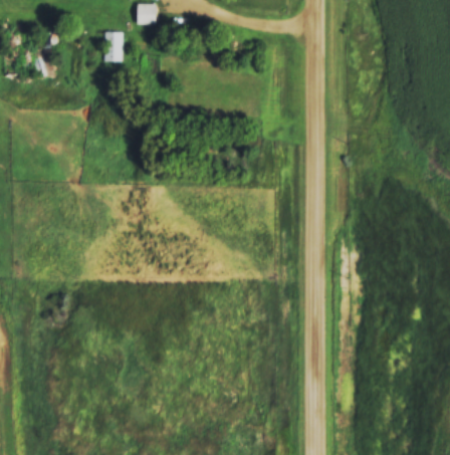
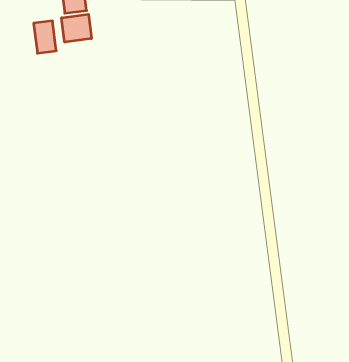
building: none -> [62,14,91,42]

